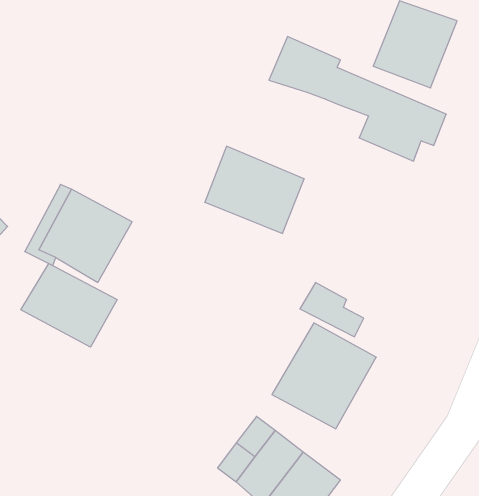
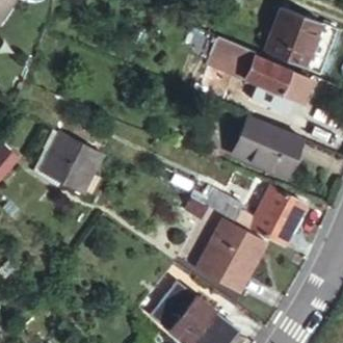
building: [205,146,304,233] -> [229,115,295,174]
building: [21,263,117,347] -> none
building: none -> [252,188,305,245]

